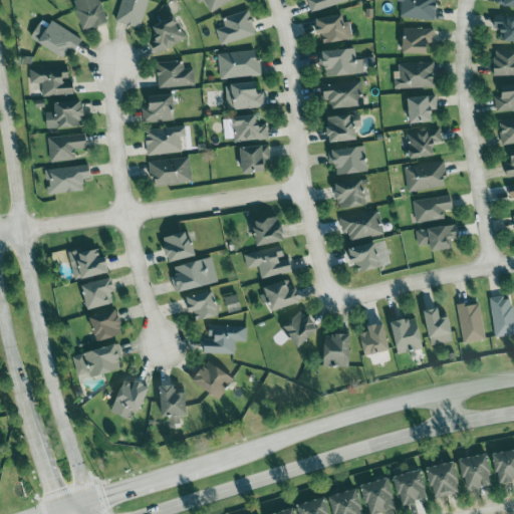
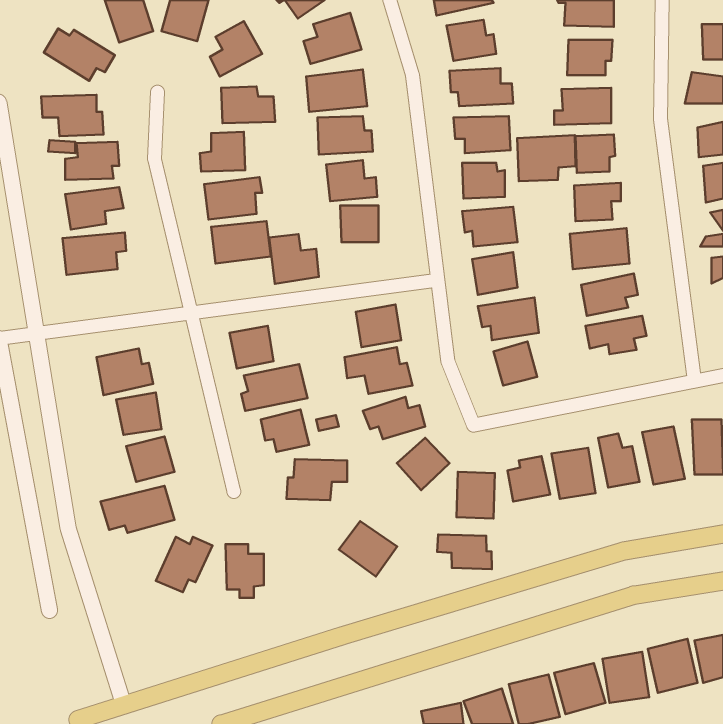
building: none -> [517,135,576,181]
building: none -> [269,234,319,284]
building: [193,360,234,400] -> [339,521,397,576]
building: none -> [437,534,492,569]

